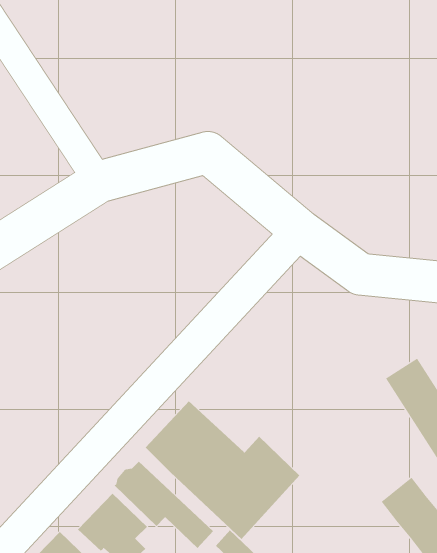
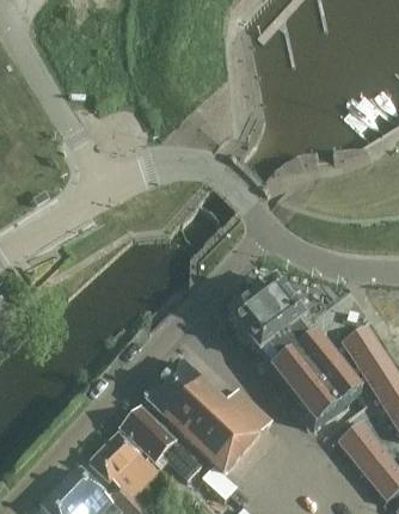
building: none -> [228,277,362,427]

